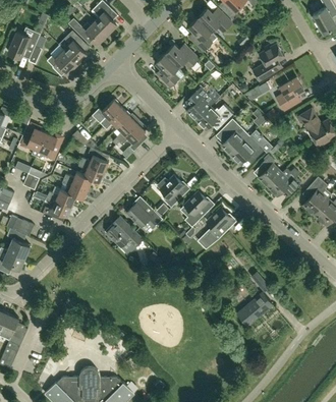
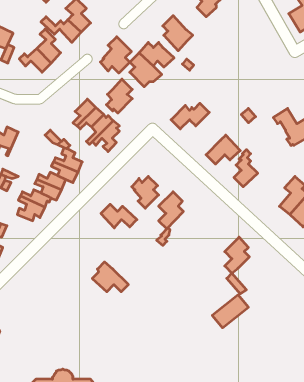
building: [198,8,231,33] -> none
building: none -> [100,37,131,73]
building: [253,44,284,80] -> none
building: [276,78,303,111] -> none
building: [184,87,210,120] -> [106,79,132,113]
building: [221,120,249,155] -> none
building: [35,132,59,161] -> none
building: [267,168,300,197] -> none
building: [206,208,230,243] -> [225,237,249,273]
building: [106,217,142,246] -> [92,262,128,292]

